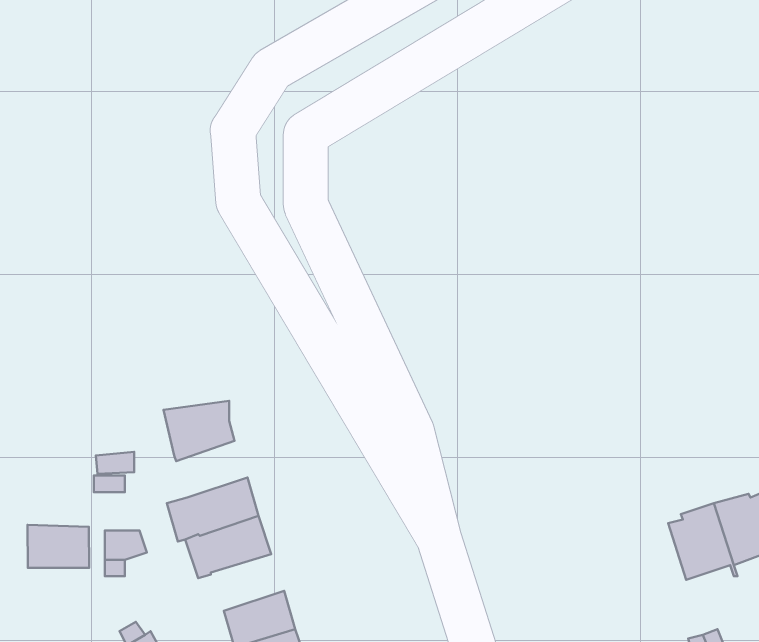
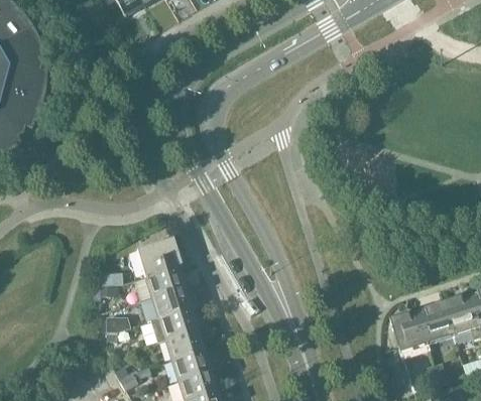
building: none -> [144,266,184,297]
building: none -> [390,311,428,351]
building: [27,525,89,568] -> none
building: none -> [163,328,204,360]

